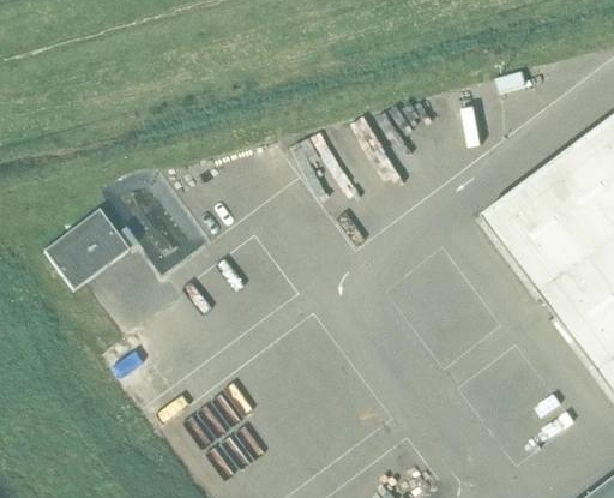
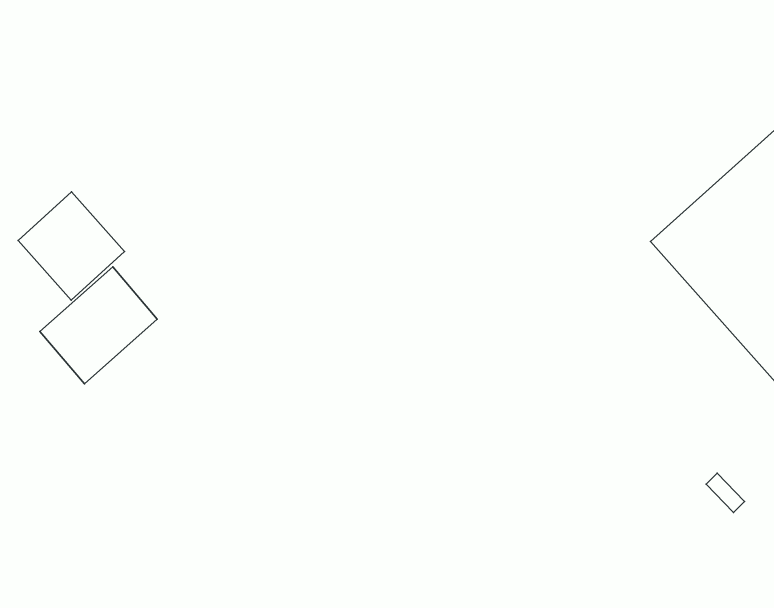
building: none -> [18,192,124,300]

